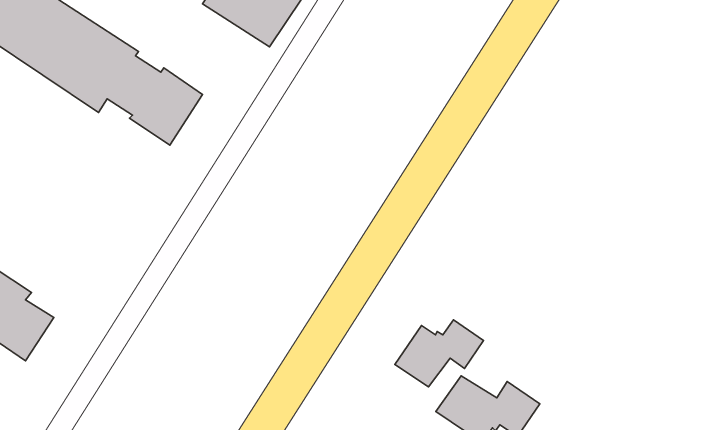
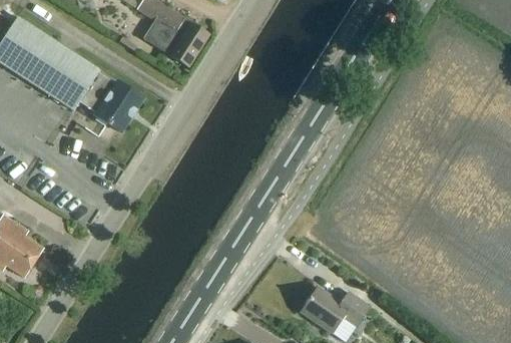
building: [395,320,484,387] -> none

